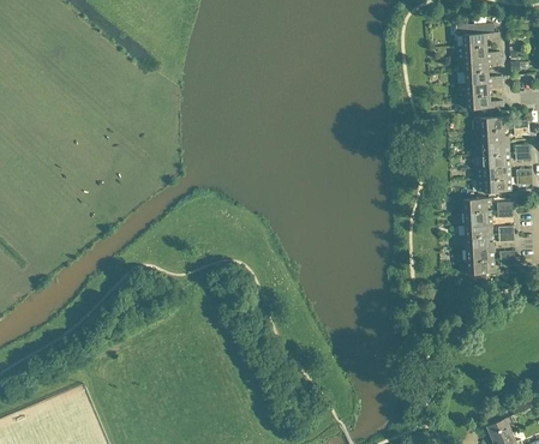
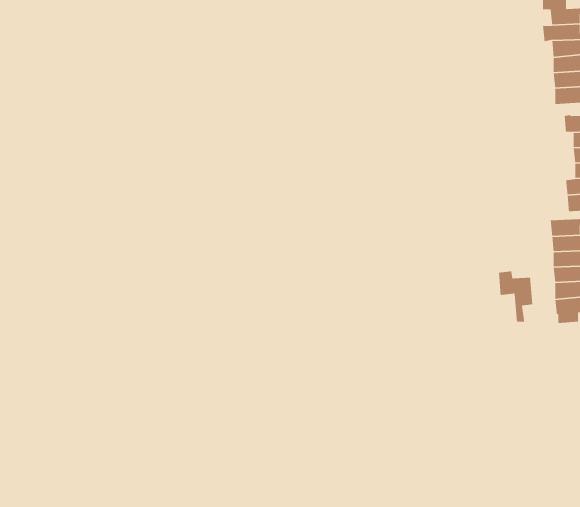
building: none -> [498,270,533,322]

